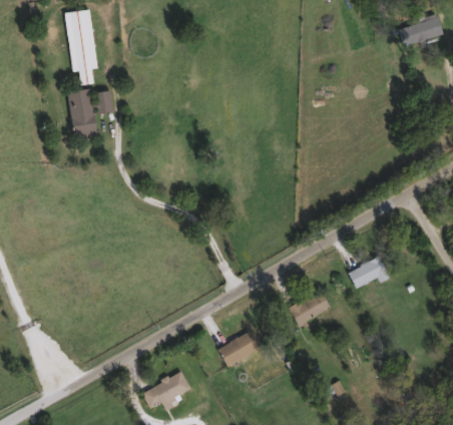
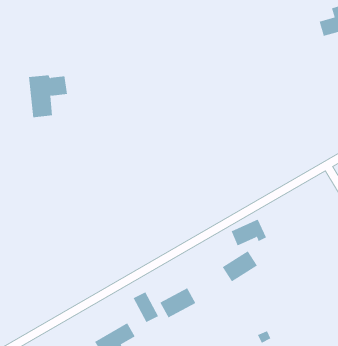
building: [65,9,97,84] -> none
building: [349,257,390,288] -> [231,219,267,246]
building: none -> [133,291,159,323]

